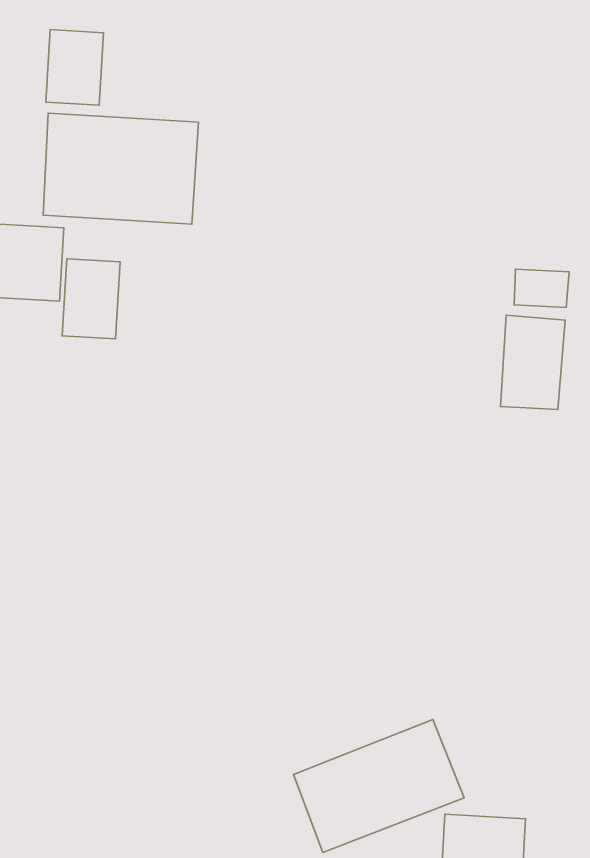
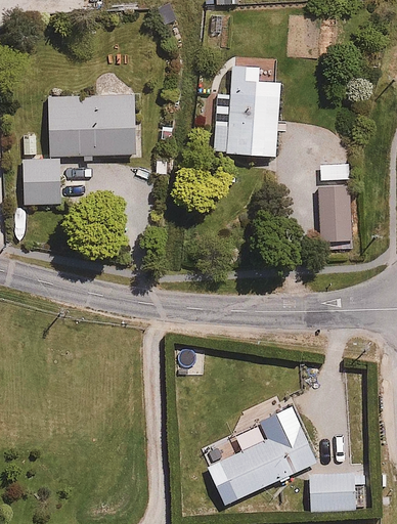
building: [46,30,104,105] -> none
building: none -> [213,62,282,155]
building: [62,259,120,339] -> none

